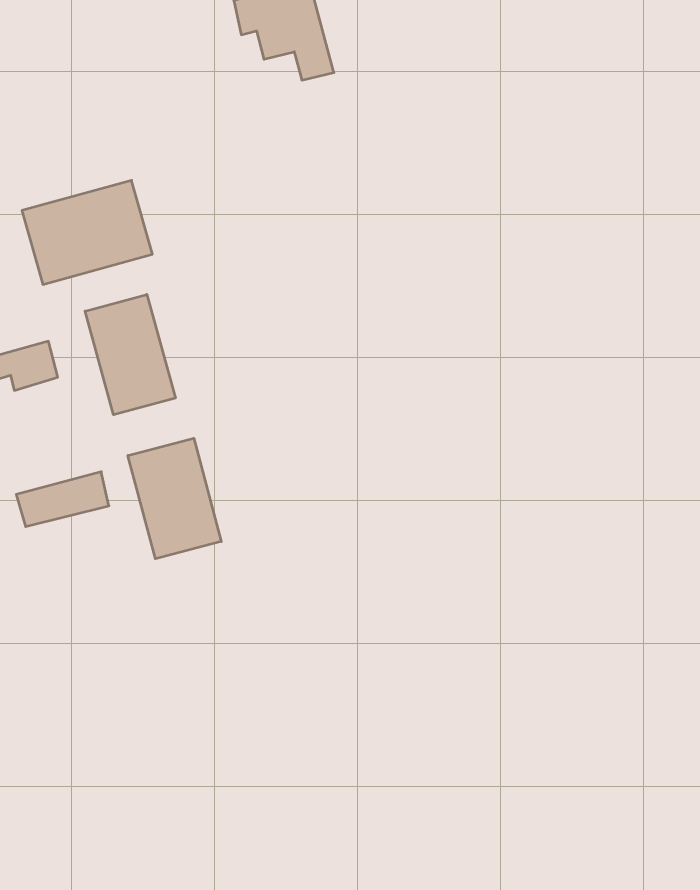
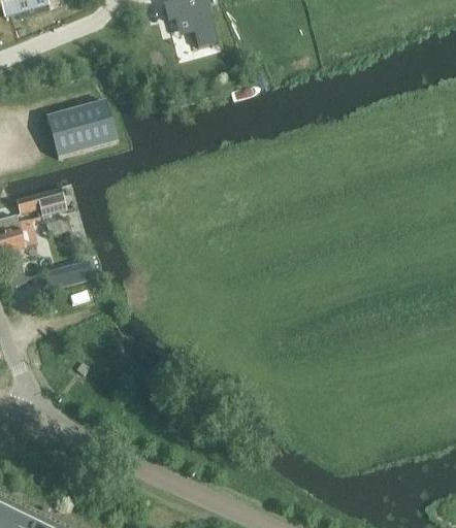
building: [85,294,175,415] -> none
building: [128,438,221,559] -> none

